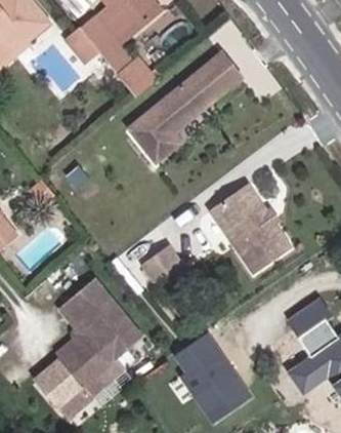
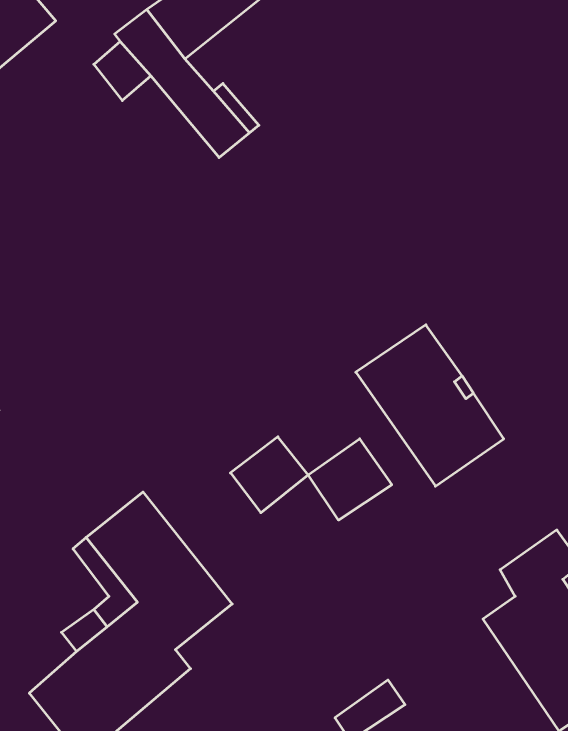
building: [128,49,243,159] -> none
building: none -> [308,439,392,520]
building: [179,348,228,398] -> none

